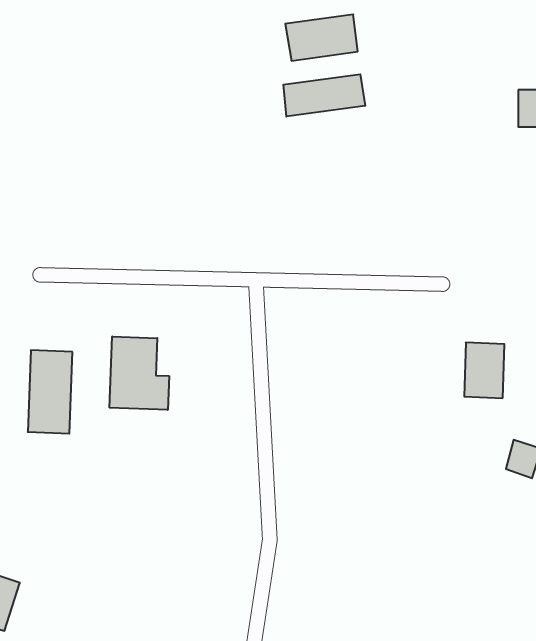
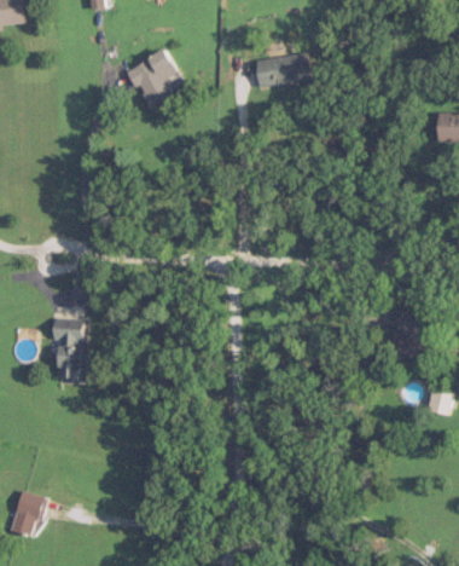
building: none -> [126,48,174,112]
building: [283,74,365,117] -> none
building: [110,336,169,410] -> none

